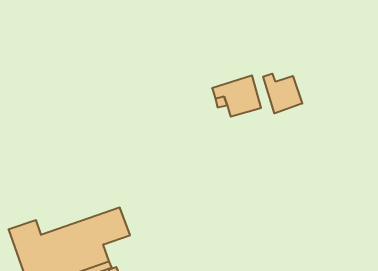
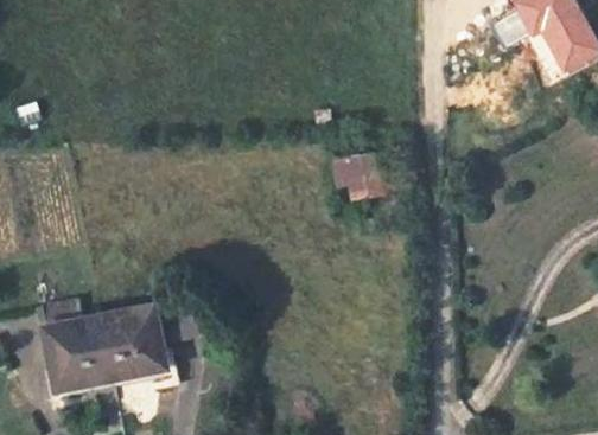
building: [263,74,302,113] -> none

